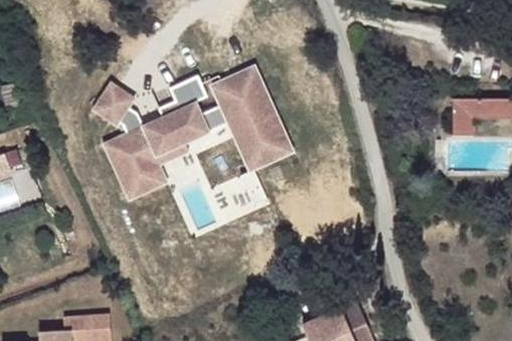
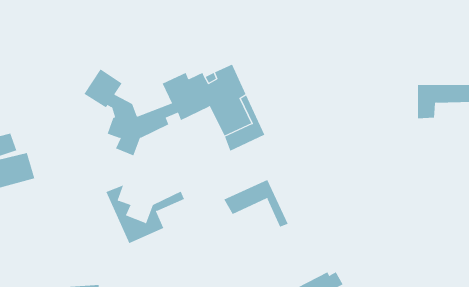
building: [103,135,188,199] -> [106,184,185,244]
building: none -> [223,179,289,227]

